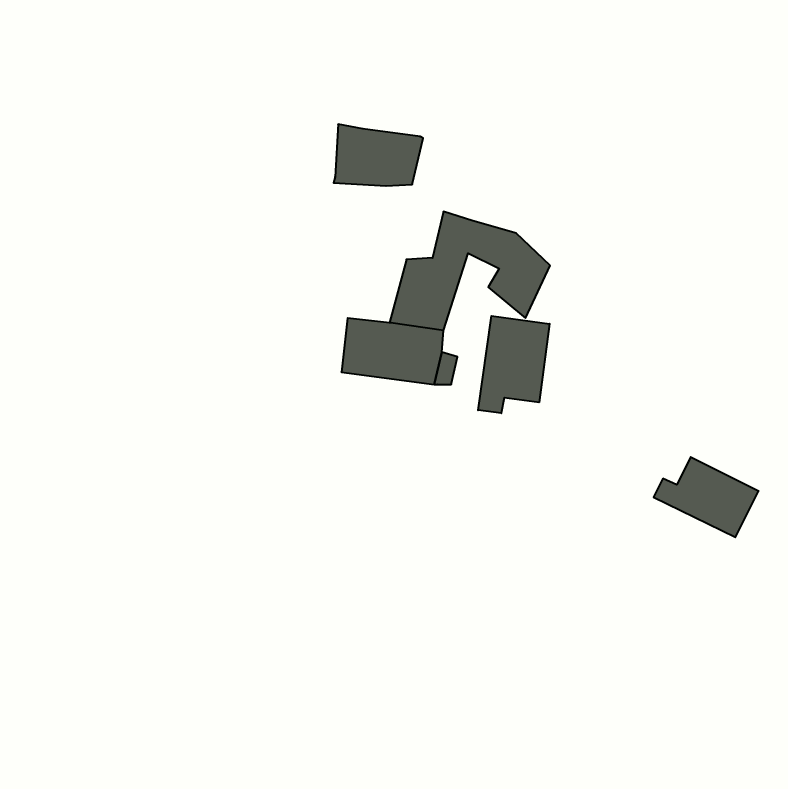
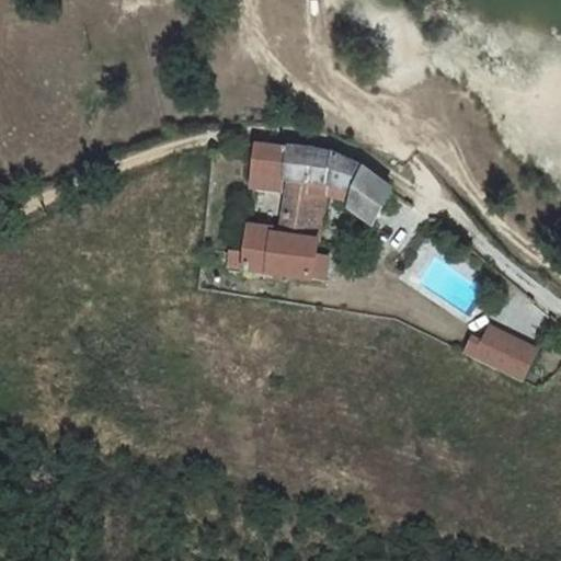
building: [334,124,423,186] -> [251,140,314,184]
building: [478,316,550,413] -> none

